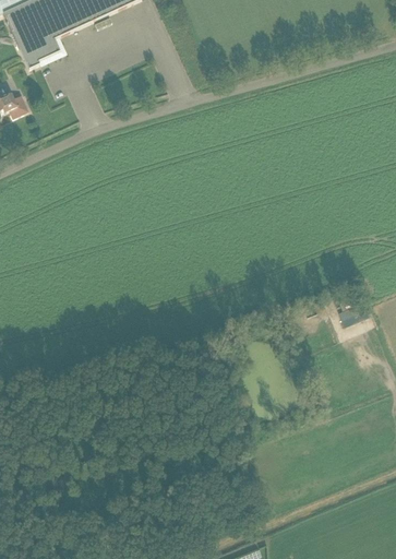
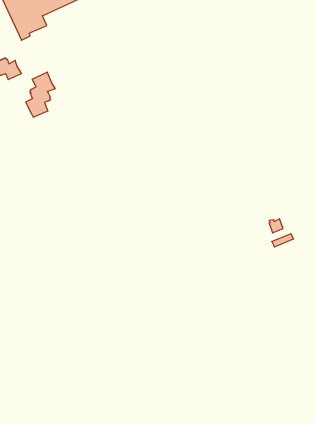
building: none -> [26,72,55,117]

